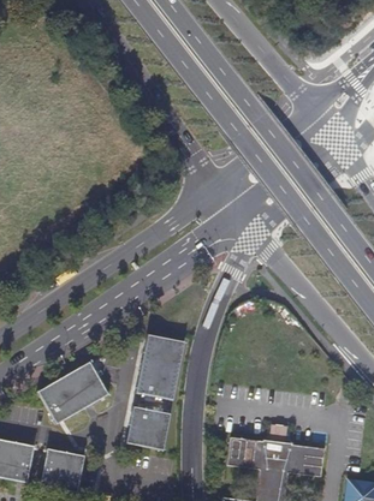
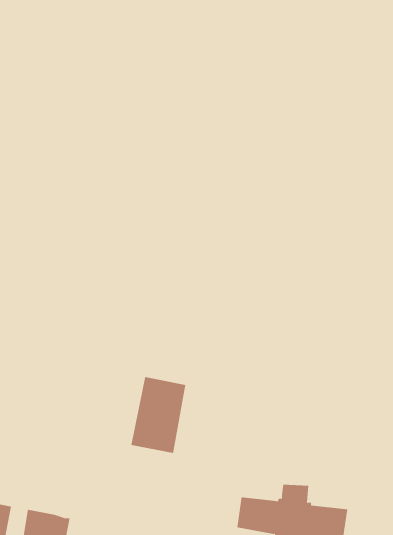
building: [38,362,108,424] -> none
building: [126,406,171,449] -> none

